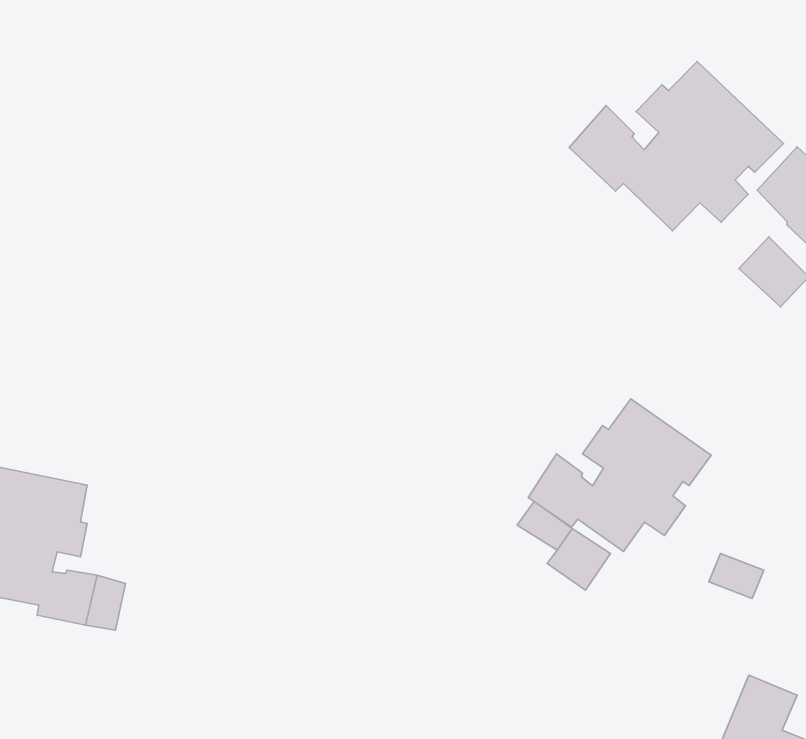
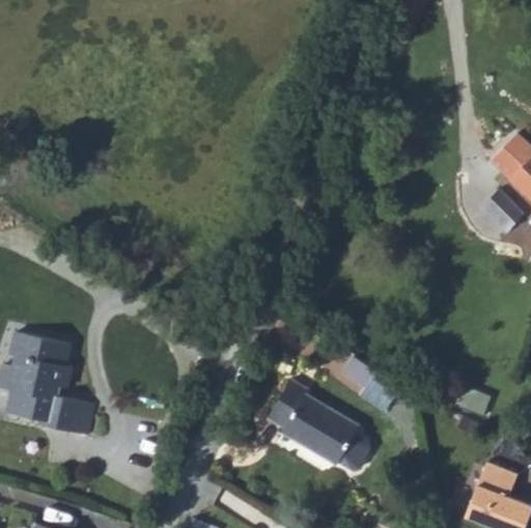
building: [569,62,783,231] -> none
building: [528,399,711,552] -> none
building: none -> [269,380,370,470]

